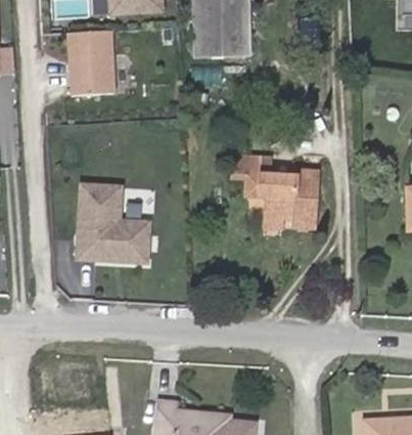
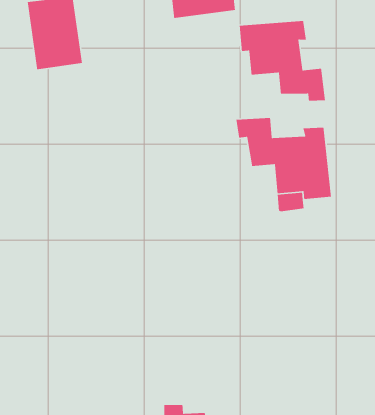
building: none -> [239,20,326,101]
building: [76,187,148,264] -> none

